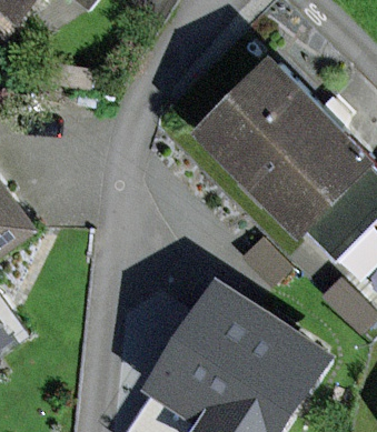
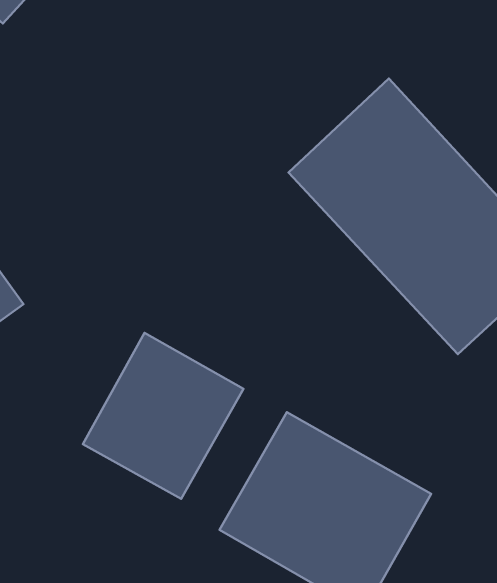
building: none -> [83,333,244,499]

